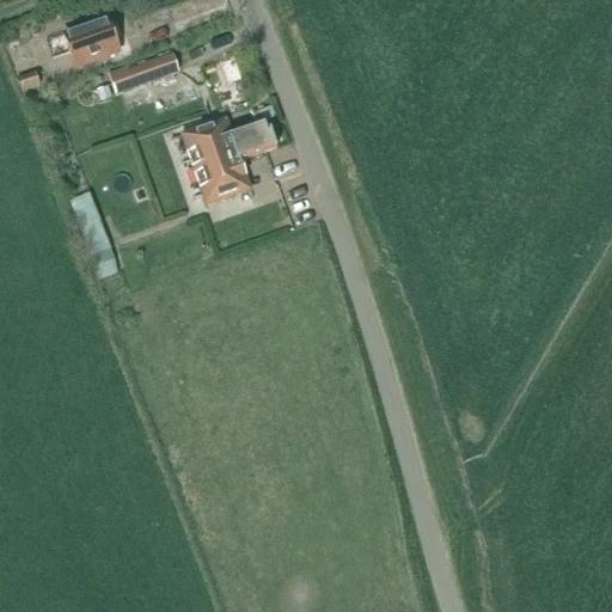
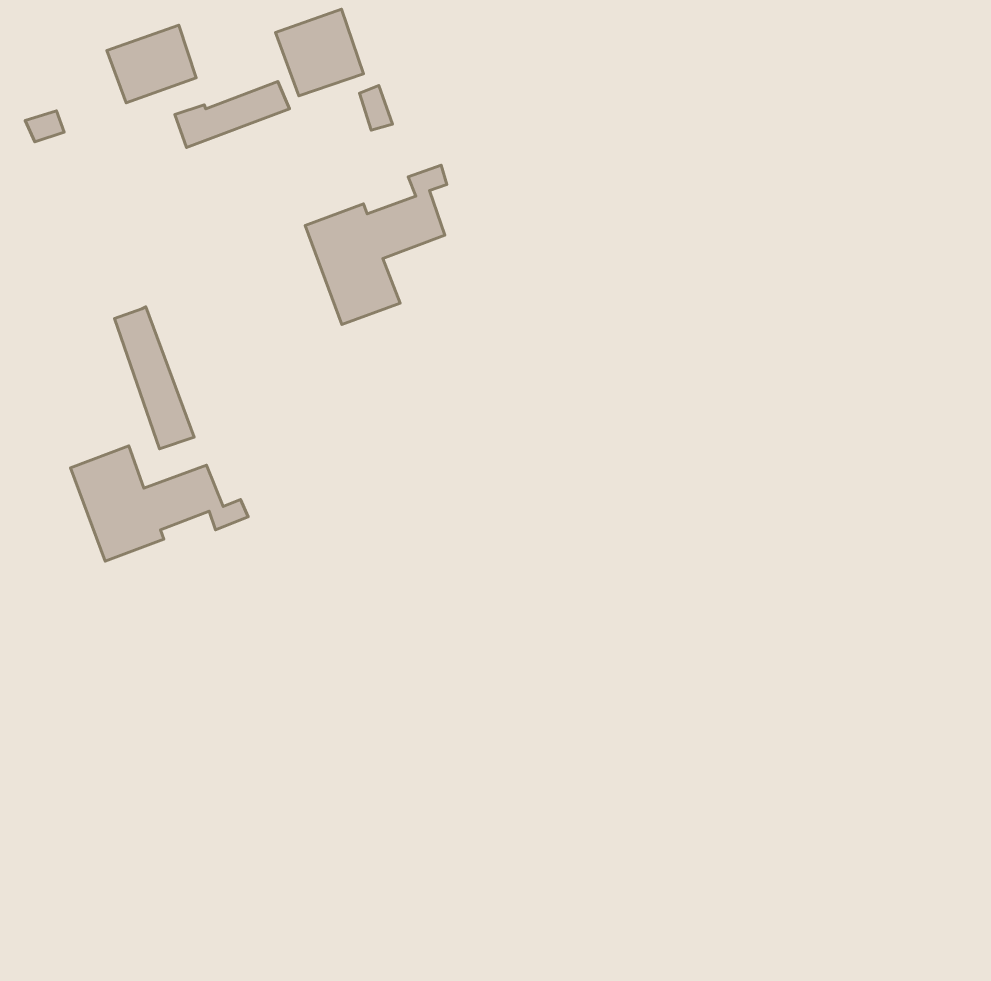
building: none -> [276,9,363,96]
building: none -> [70,446,248,561]

